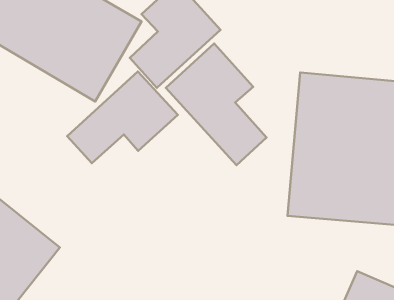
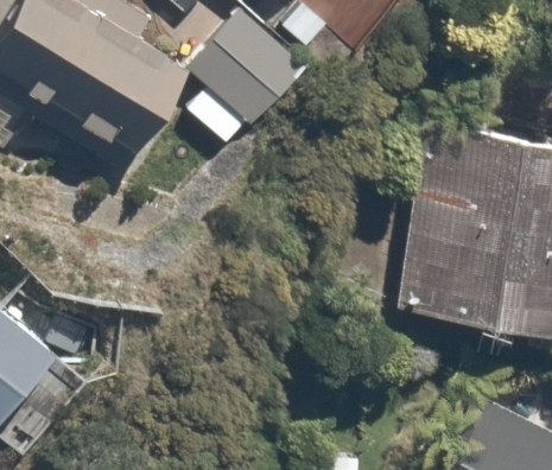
building: [166,43,266,165] -> none
building: [67,72,178,163] -> none

